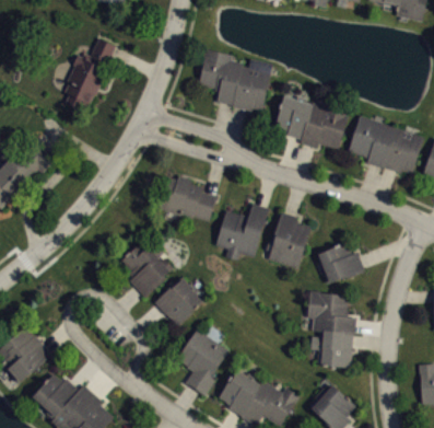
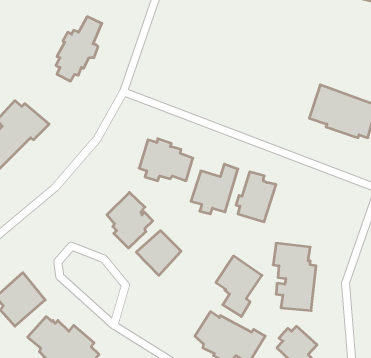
building: [198,49,272,112] -> none
building: [273,96,351,150] -> none
building: [318,241,364,285] -> none
building: [177,329,228,397] -> [216,256,262,317]

